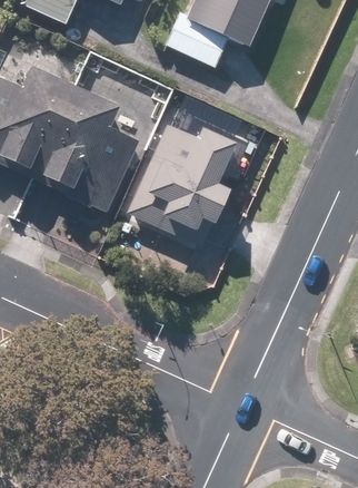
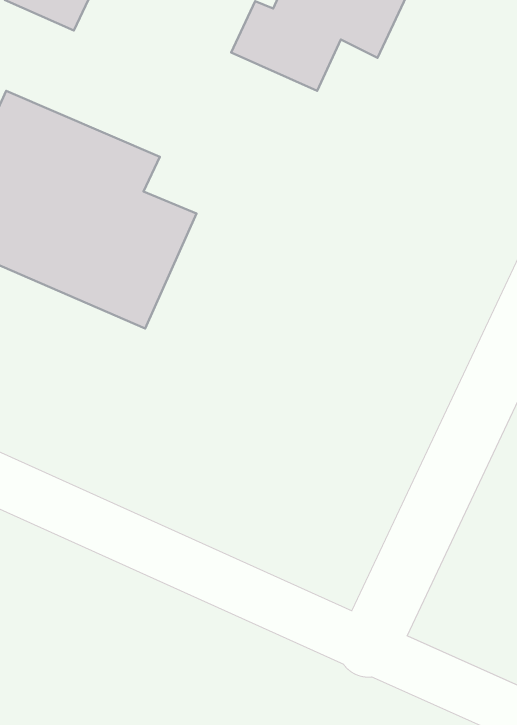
building: [125,118,232,246] -> none

